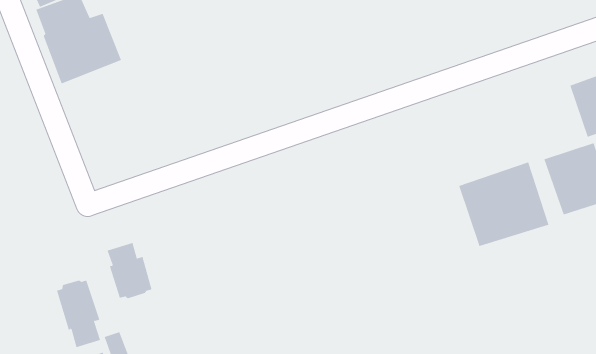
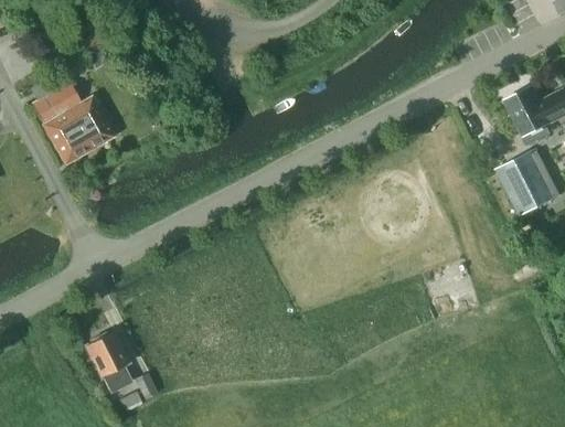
building: [458,162,549,247] -> none
building: [107,242,152,299] -> none

